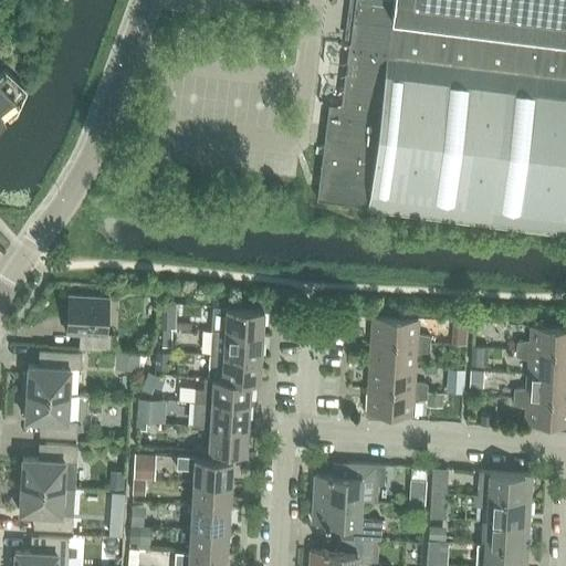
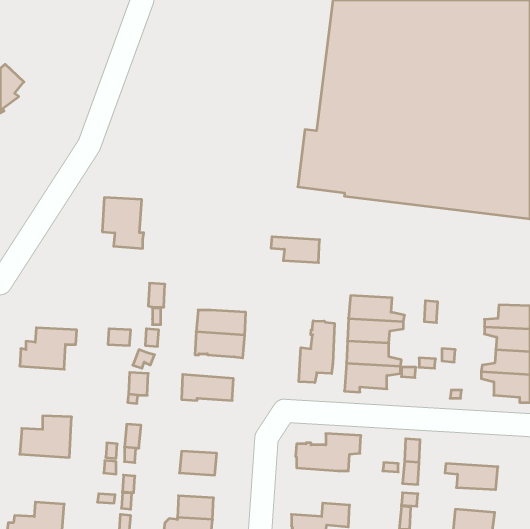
building: [66,296,111,350] -> [102,198,144,248]
building: [211,306,263,334] -> [271,237,320,263]
building: none -> [299,321,334,383]
building: [195,378,250,405] -> none
building: [20,391,77,438] -> none
building: [208,426,248,453] -> none
building: [176,457,232,484] -> none
building: [479,471,532,499] -> none
building: [20,485,74,531] -> none
building: [313,500,381,541] -> none
building: [190,505,229,532] -> none
building: [485,521,528,547] -> none

